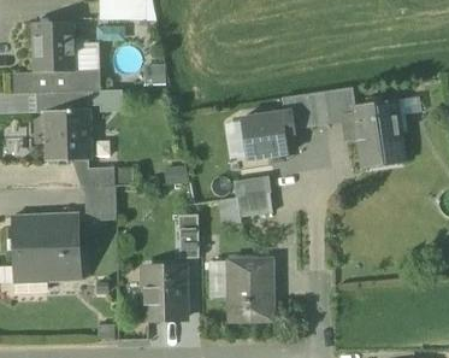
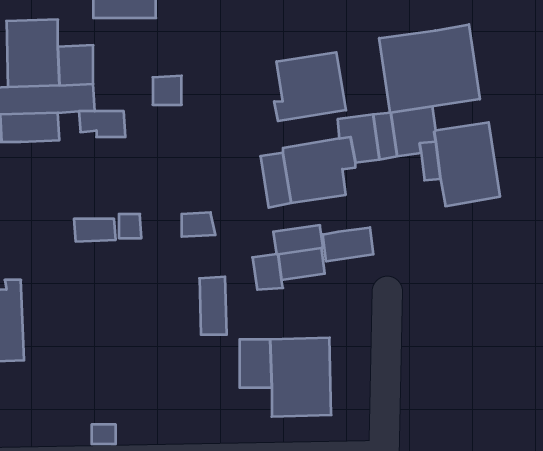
building: none -> [379,24,480,113]
building: none -> [274,52,346,121]
building: [46,111,90,162] -> none
building: none -> [323,227,373,261]
building: [87,187,117,222] -> none
building: [46,216,82,277] -> none
building: [142,265,184,321] -> none

